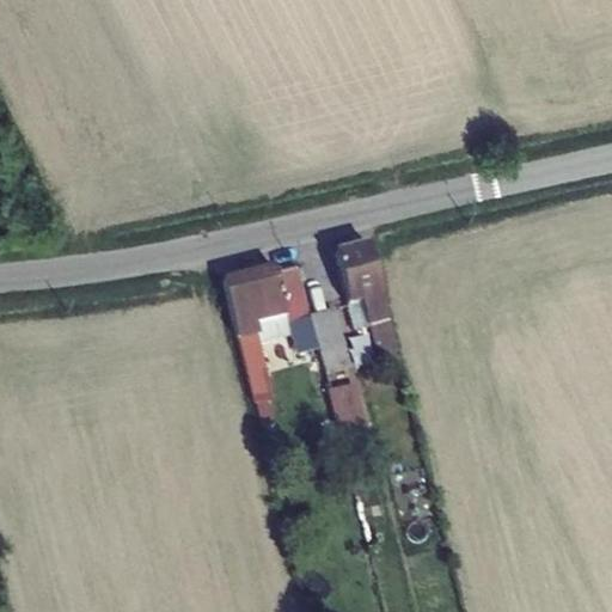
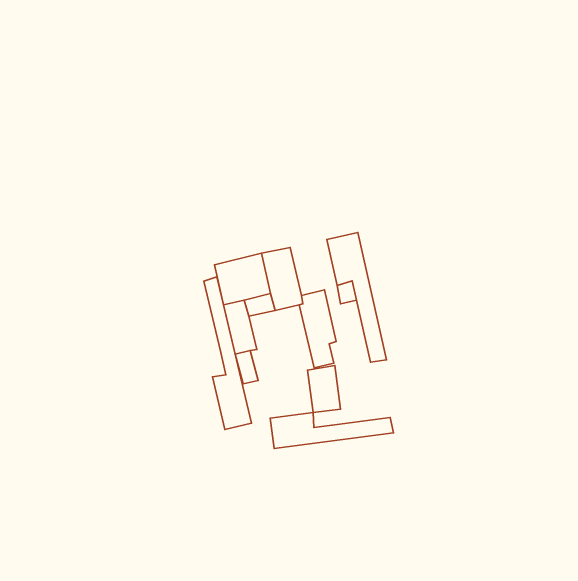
building: none -> [204,277,251,429]
building: none -> [270,413,393,448]

